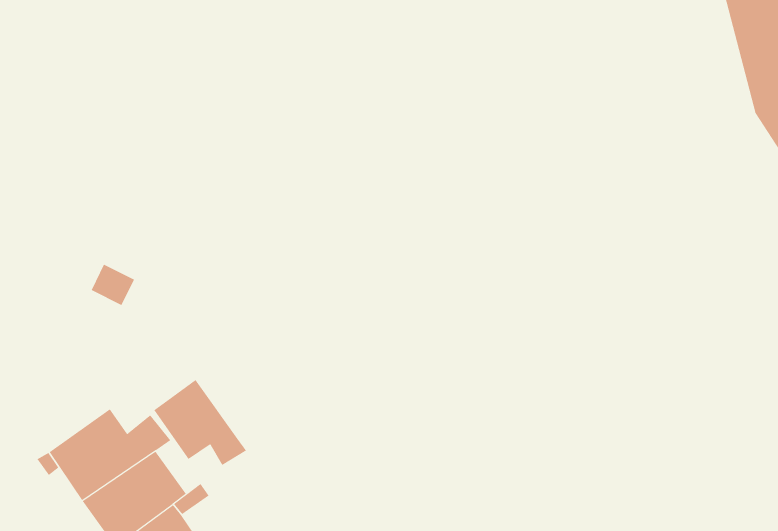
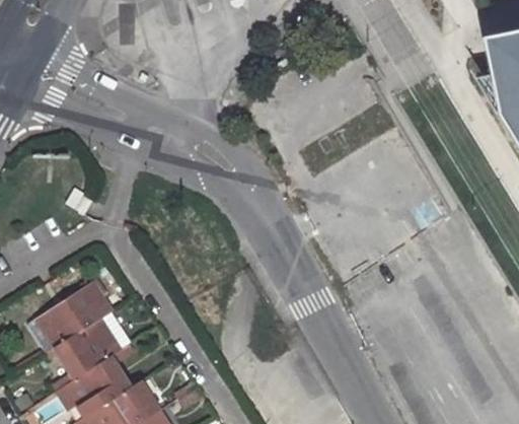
building: [154,379,247,466] -> none

